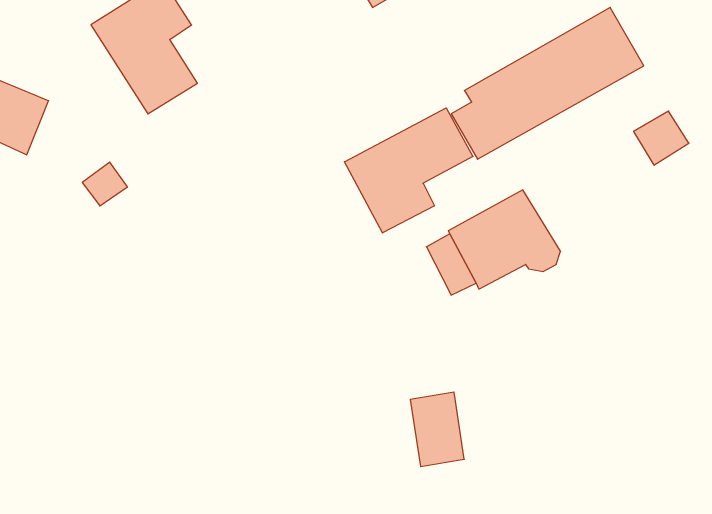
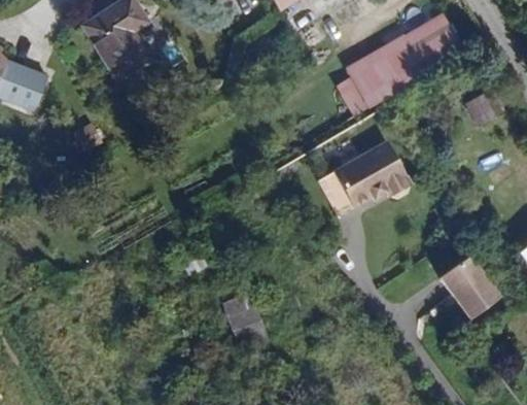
building: [344,108,473,233] -> none
building: none -> [438,256,498,318]
building: [410,392,464,467] -> [225,294,264,346]

